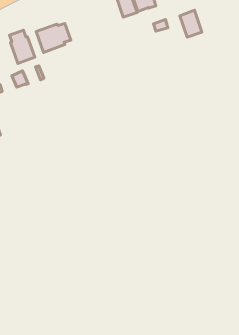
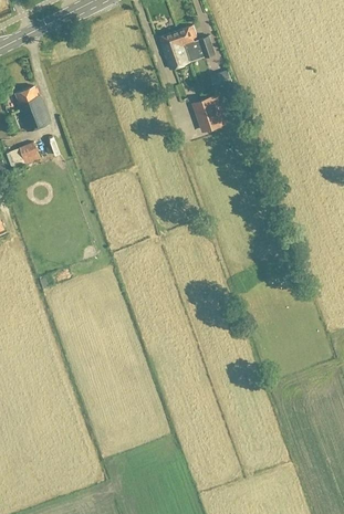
building: [180,10,202,37] -> [192,95,222,132]
building: [36,23,71,52] -> none

